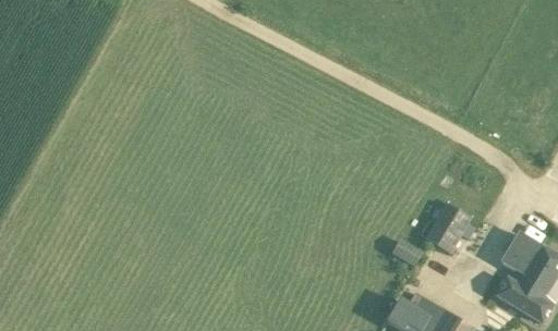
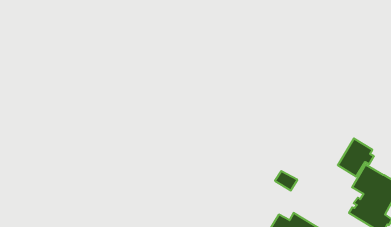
building: [422,203,471,254] -> [338,138,374,176]

